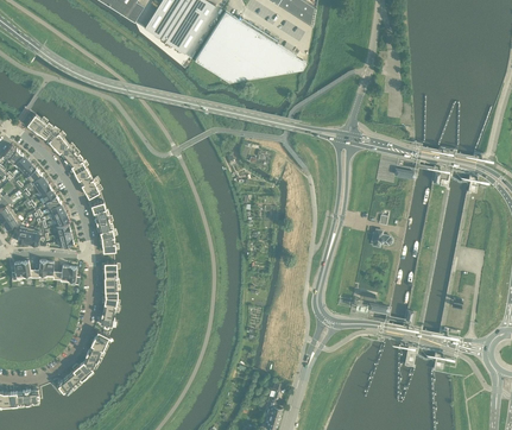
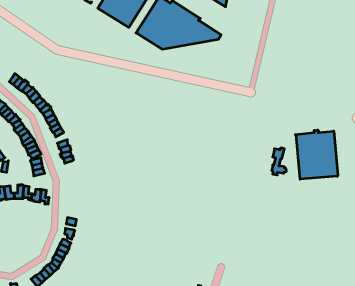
building: none -> [295,130,338,179]

